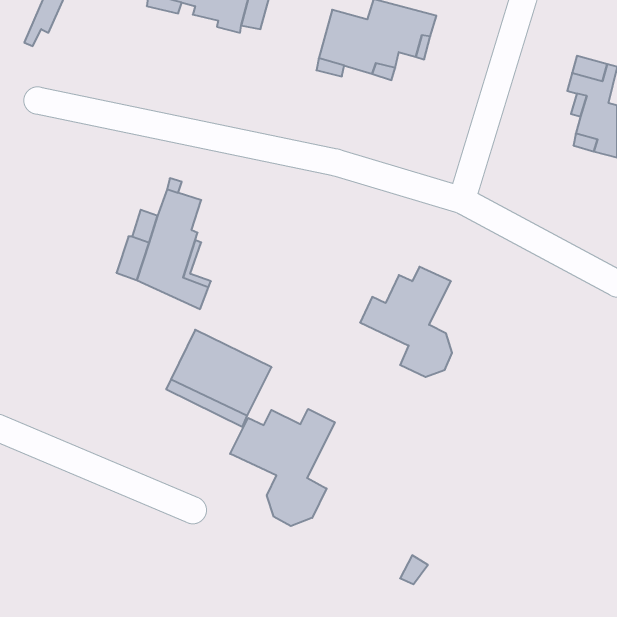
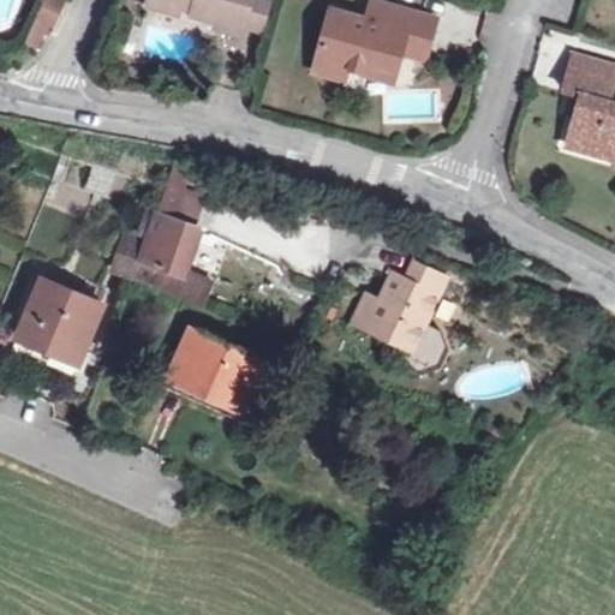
building: none -> [17,277,103,362]
building: [230,409,335,526] -> none

